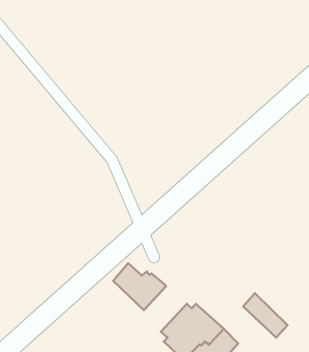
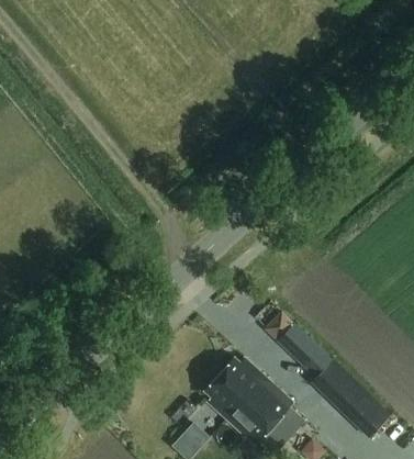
building: [113,263,166,310] -> none
building: none -> [267,316,314,362]

